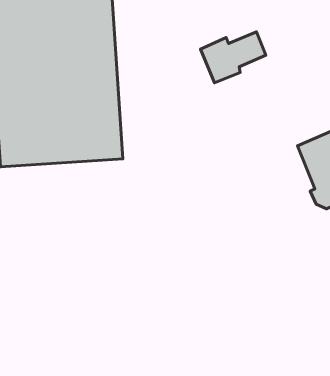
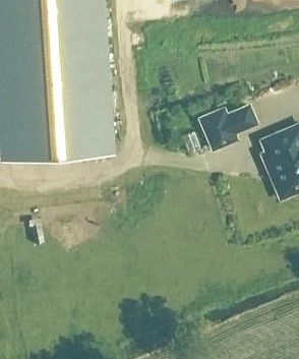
building: [201,32,266,83] -> [200,106,257,151]

